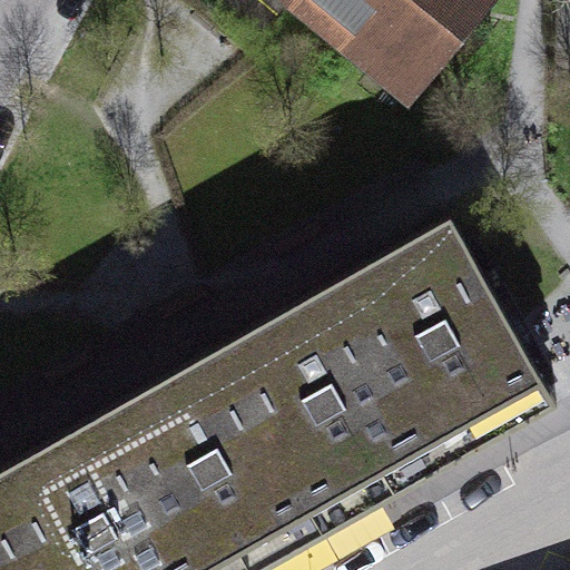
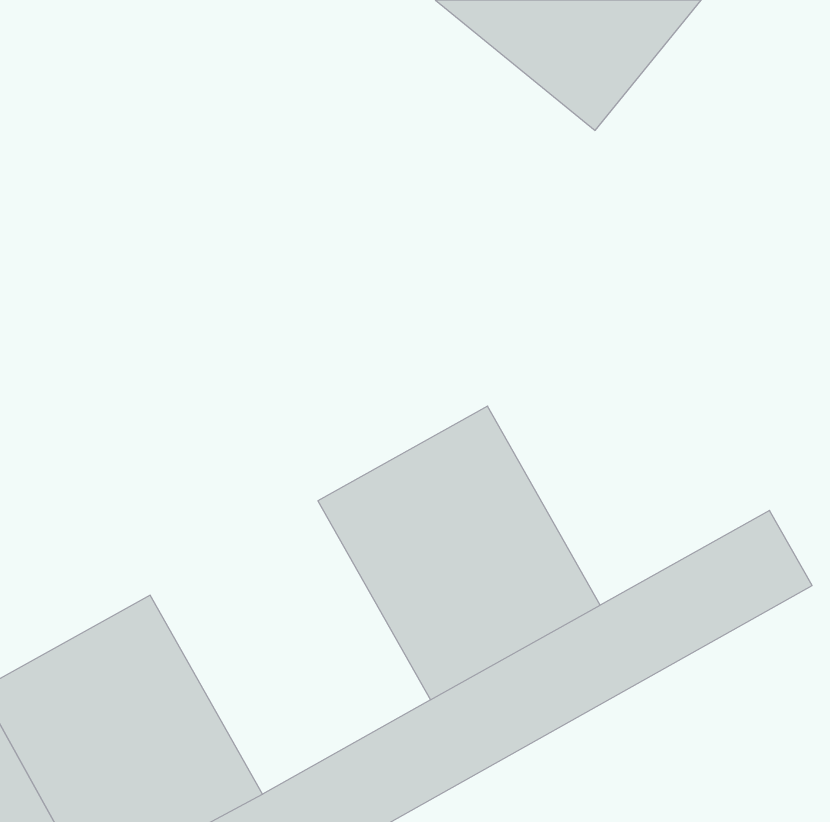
building: [333,219,525,421] -> none
building: [102,350,294,550] -> none

